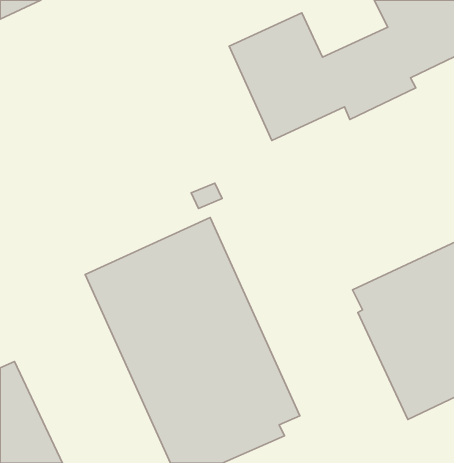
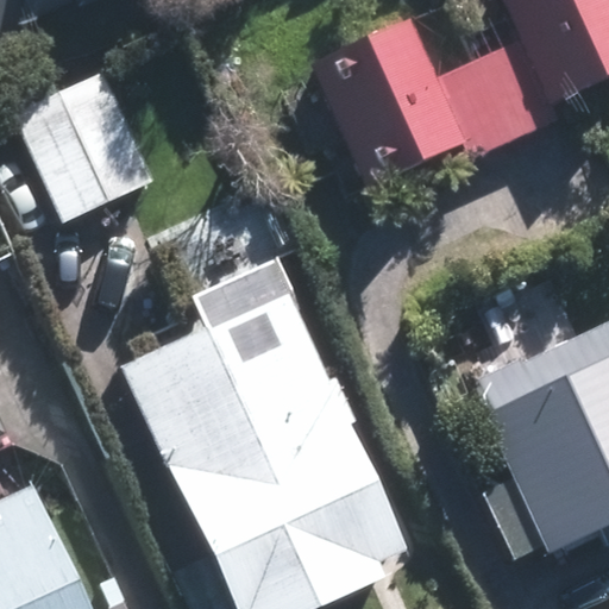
building: none -> [17,80,152,227]

